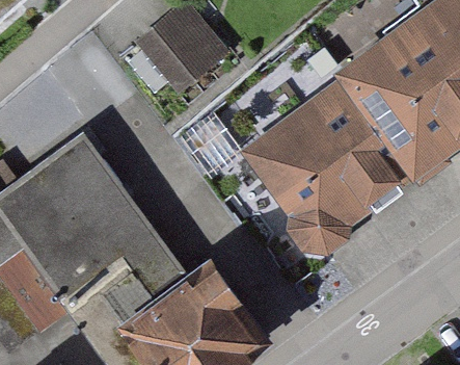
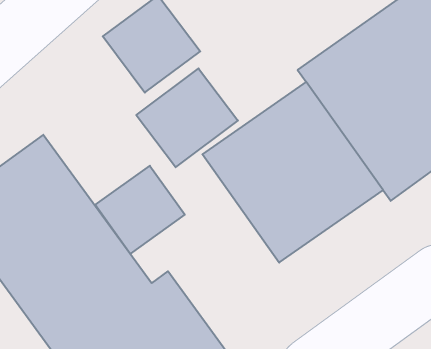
building: none -> [136,68,238,167]
building: none -> [95,166,185,254]

